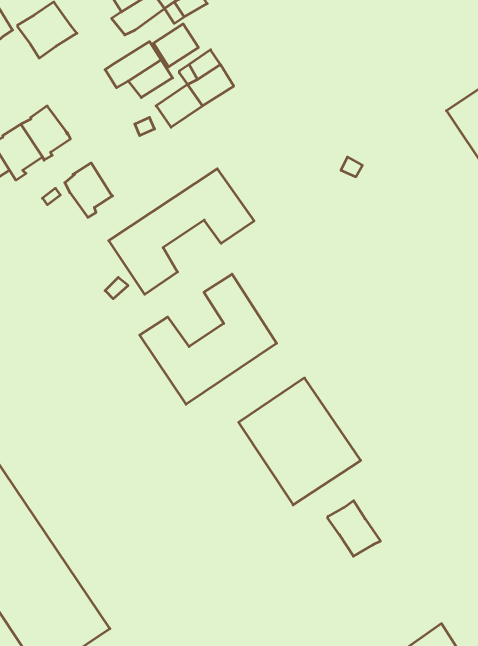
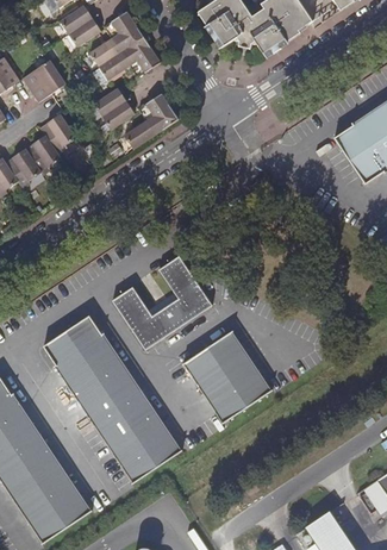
building: [153,24,198,67] -> none
building: [65,163,113,217] -> [42,112,76,151]
building: [109,169,254,294] -> none
building: none -> [43,315,179,482]
building: [328,501,380,556] -> none

